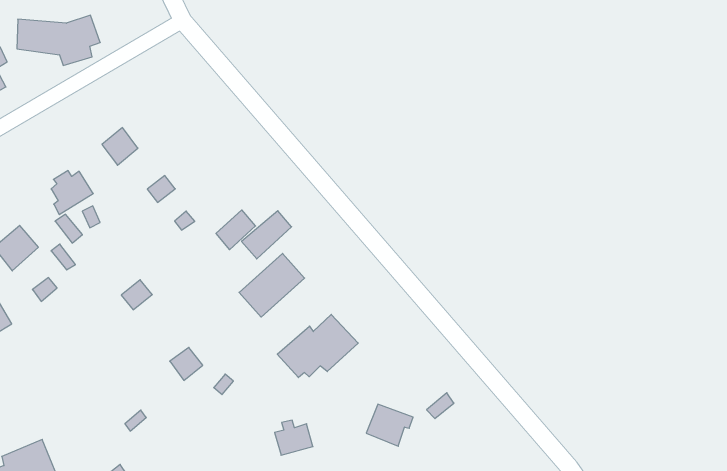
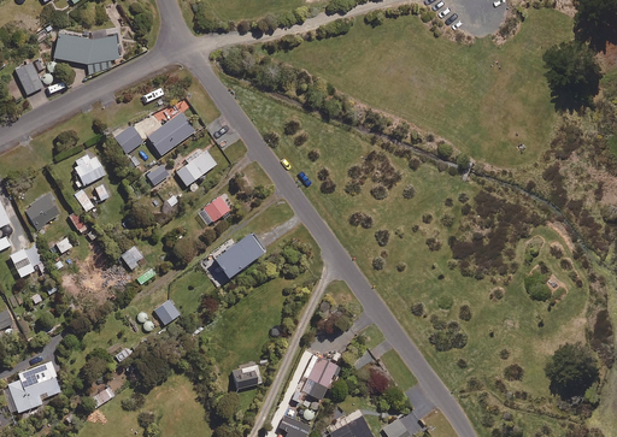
building: none -> [147,113,194,155]
building: [242,211,292,259] -> [176,150,216,187]
building: [277,314,358,378] -> none

